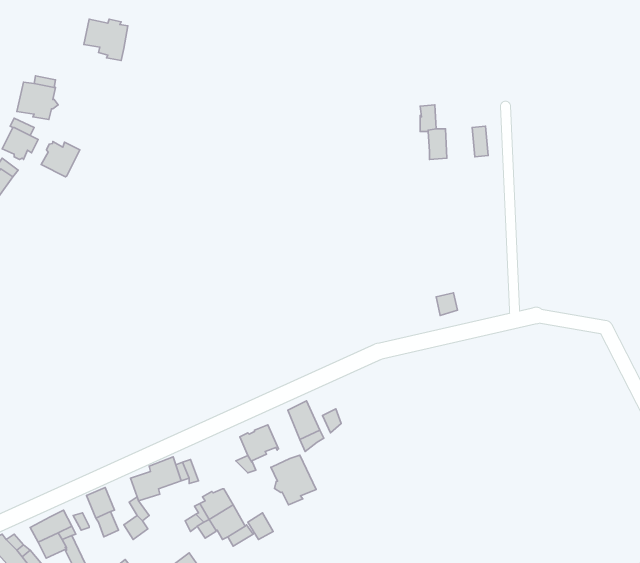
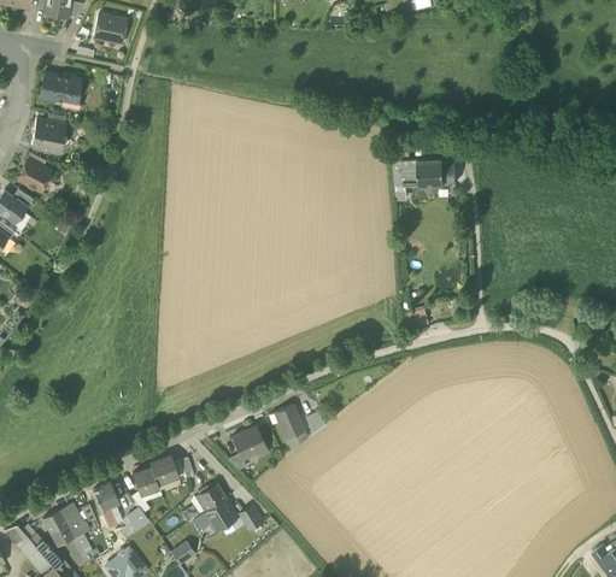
building: [84,19,128,61] -> [41,71,81,108]
building: none -> [418,158,445,186]
building: [41,142,80,177] -> none
building: [271,455,316,505] -> none

